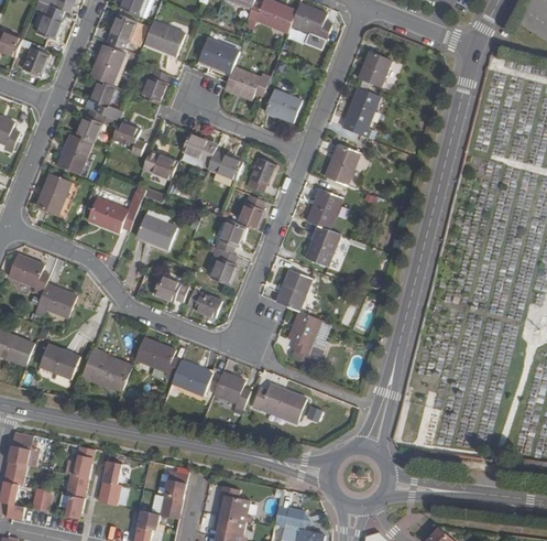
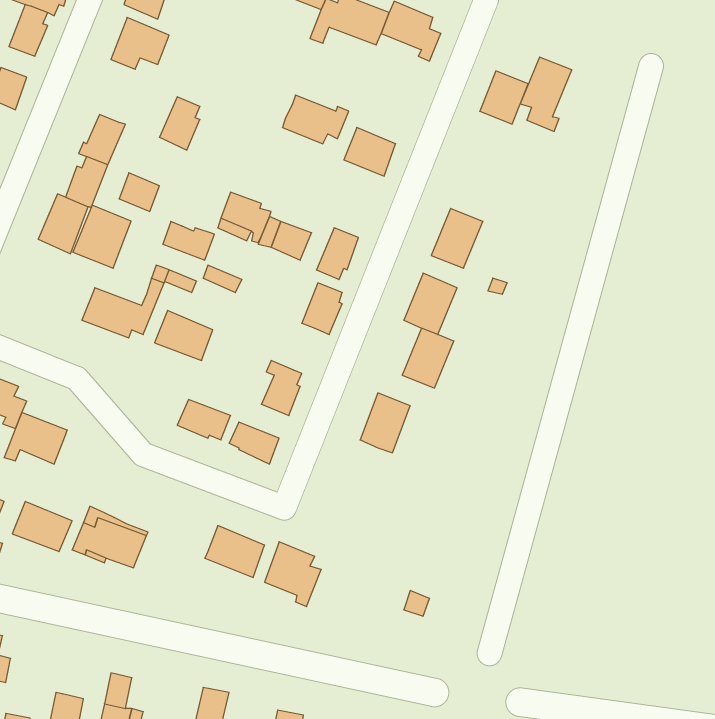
building: [144,21,185,56] -> none
building: [198,39,239,74] -> none
building: [90,45,125,86] -> none
building: [344,87,380,138] -> [520,57,572,131]
building: [36,174,76,217] -> [73,205,131,268]
building: [216,219,245,255] -> none
building: [287,311,320,357] -> none
building: [134,337,180,378] -> none
building: [252,385,307,421] -> none
building: [65,446,95,478] -> none

